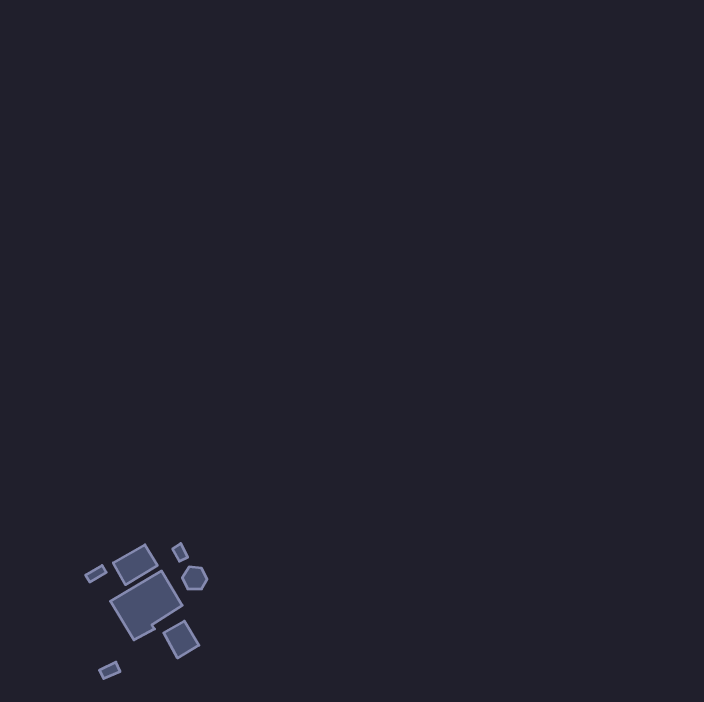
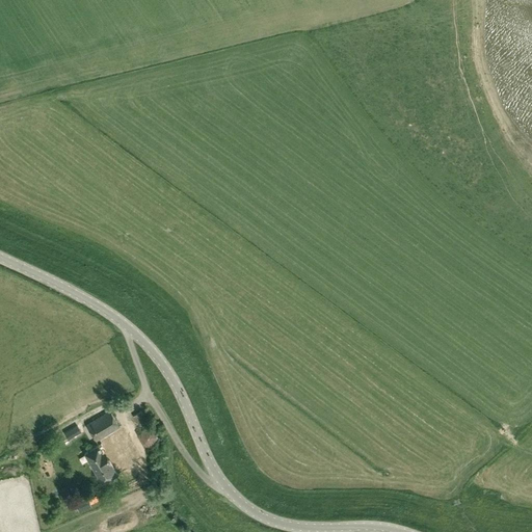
building: [164,621,199,658] -> none

